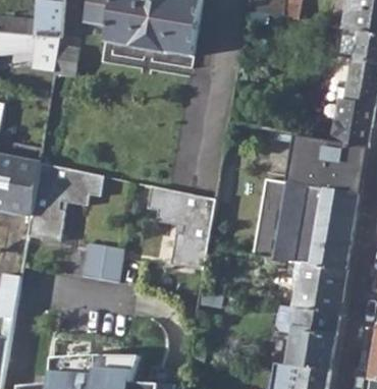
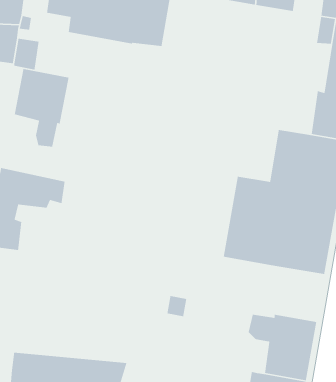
building: none -> [14,68,69,148]
building: [144,193,212,278] -> none
building: [84,241,123,279] -> none
building: [291,262,343,314] -> none

